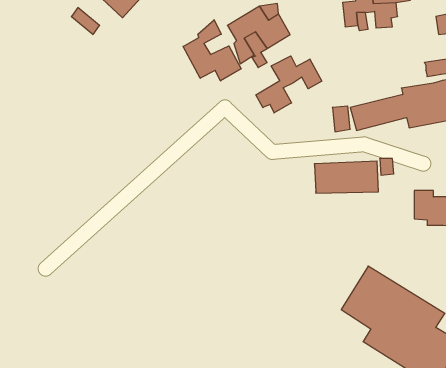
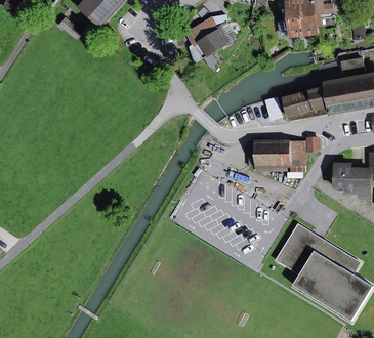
building: [183,20,241,81] -> none
building: [256,56,322,113] -> none

